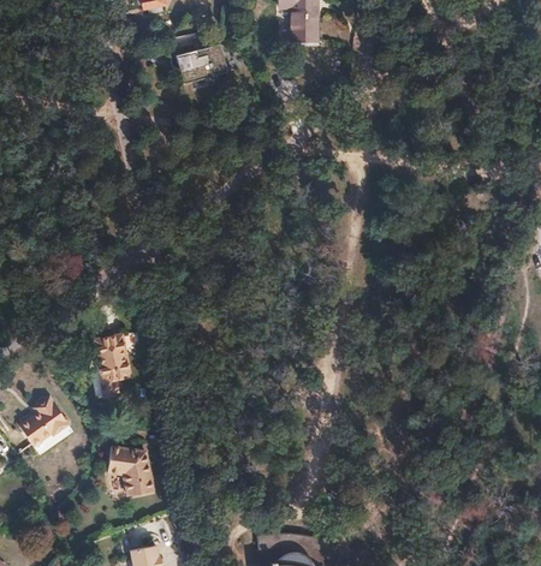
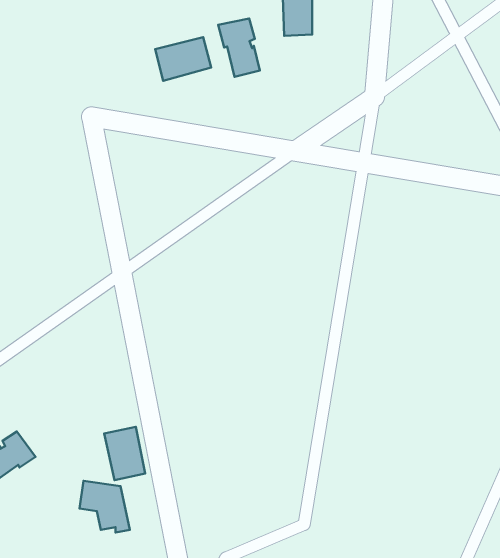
building: none -> [218,18,260,77]
building: [93,336,130,385] -> [104,427,145,480]

